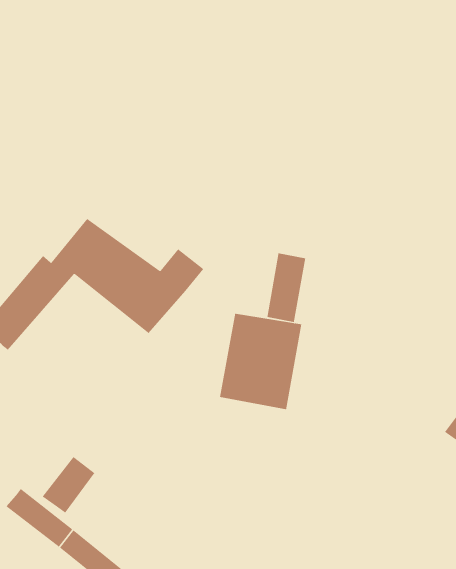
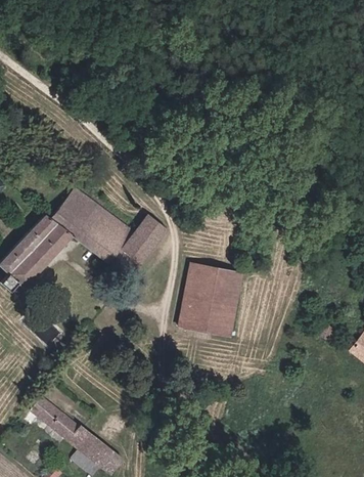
building: [267,253,306,323] -> none
building: [42,456,95,514] -> none

